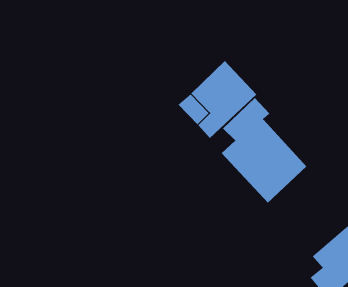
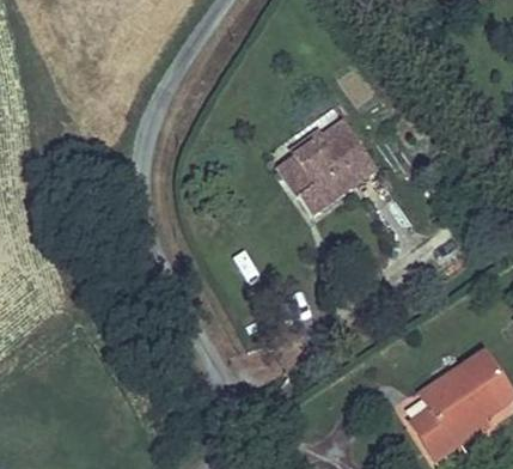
building: [221,97,307,204] -> none

